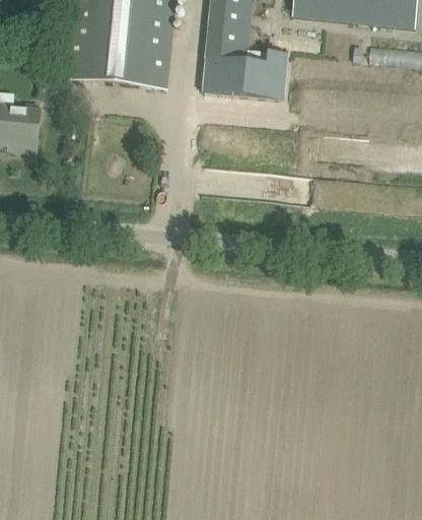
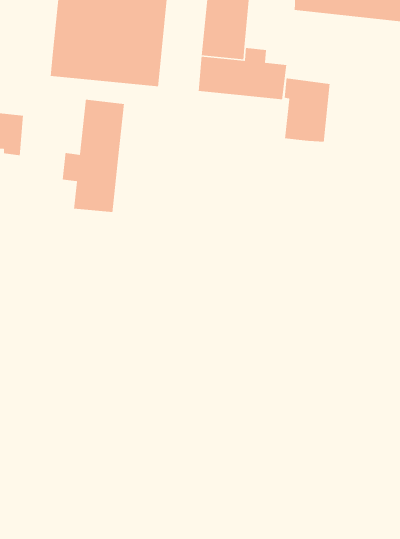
building: none -> [284,77,331,143]
building: none -> [60,99,125,213]

